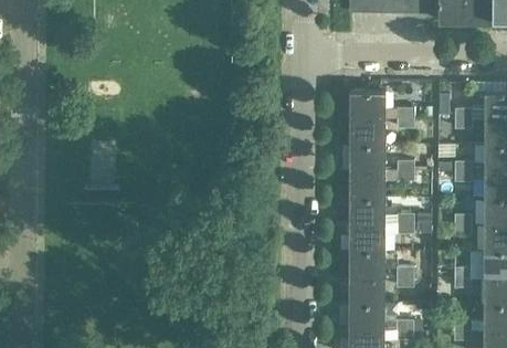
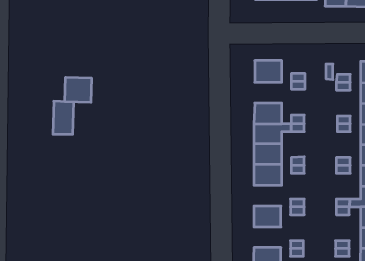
building: none -> [65,77,91,102]
building: [349,118,383,145] -> none
building: [348,250,383,276] -> none
building: [348,303,382,329] -> none

